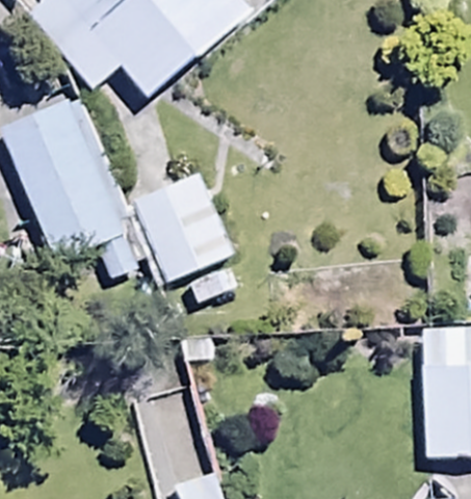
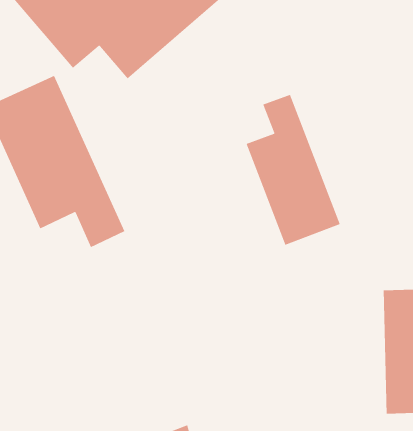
building: none -> [245,94,341,246]
building: [133,170,234,283] -> none

